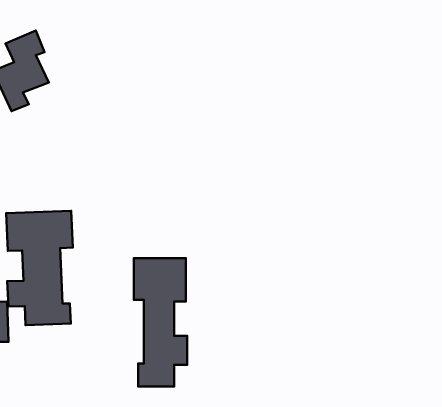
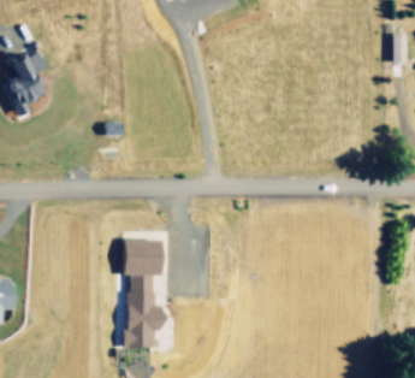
building: [6,211,73,325] -> none

